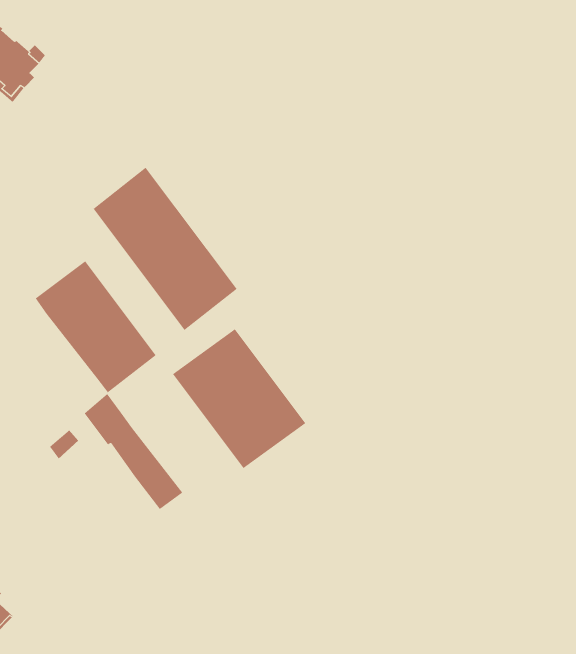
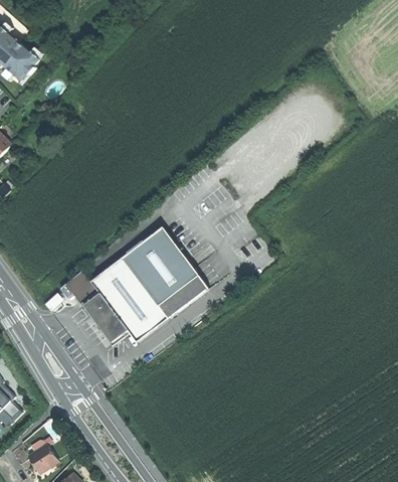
building: [93,167,237,331] -> none
building: [35,261,156,393] -> [90,257,168,341]

